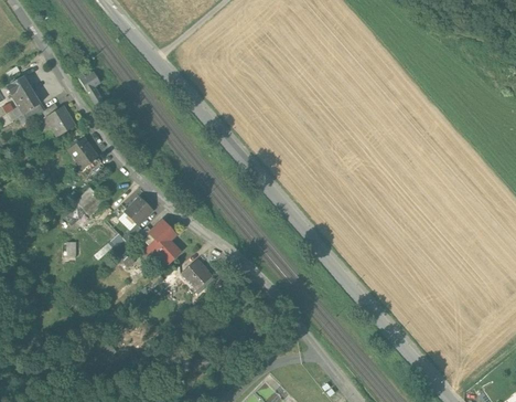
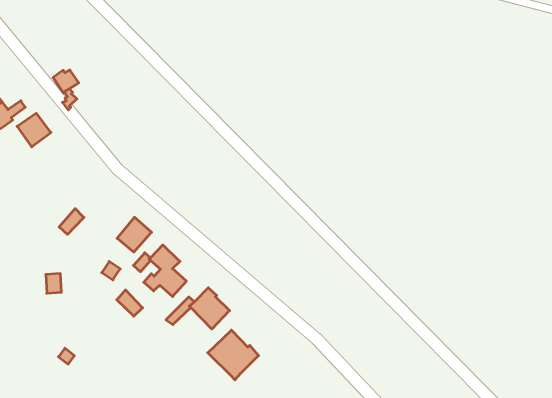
building: [69,138,99,169] -> none
building: none -> [208,330,259,380]

